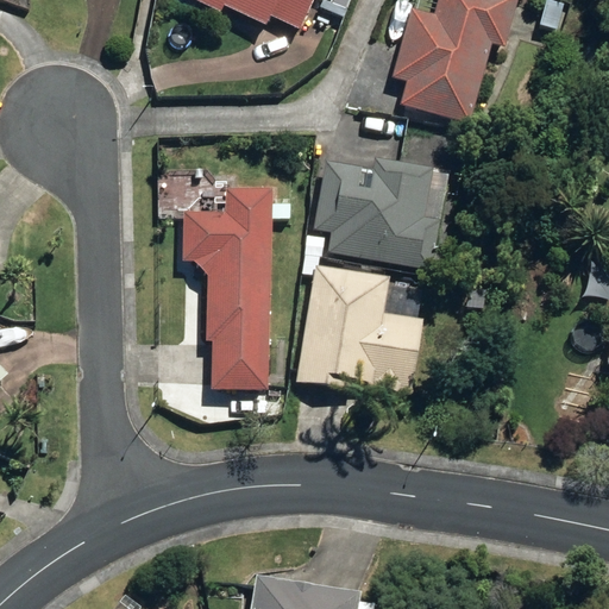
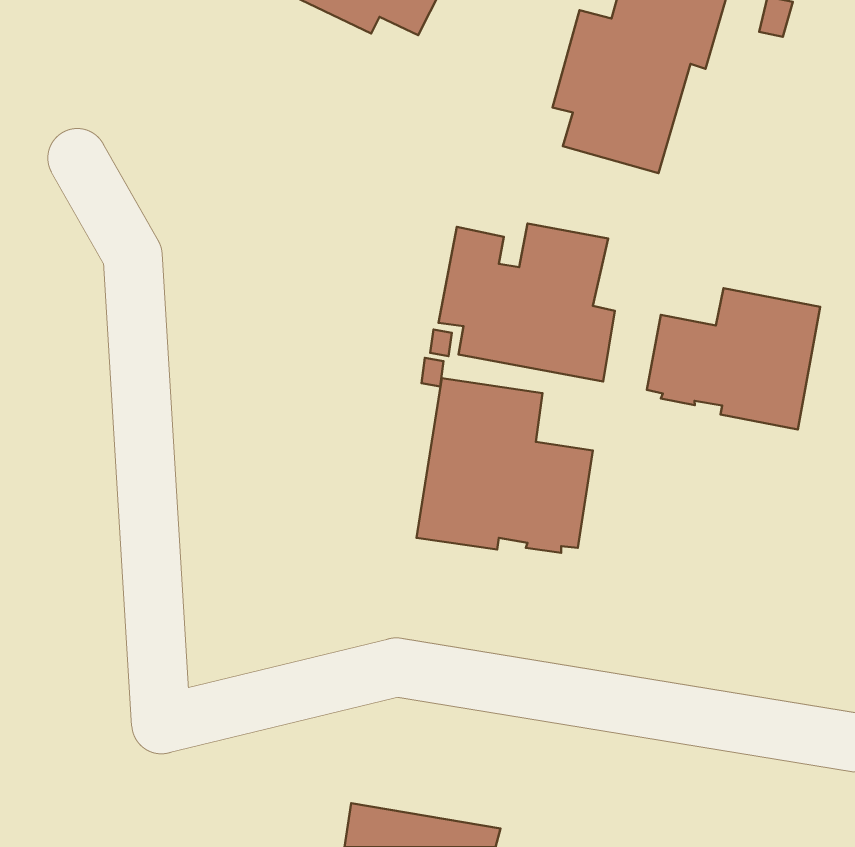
building: [182,187,272,389] -> none
building: none -> [647,288,820,430]

